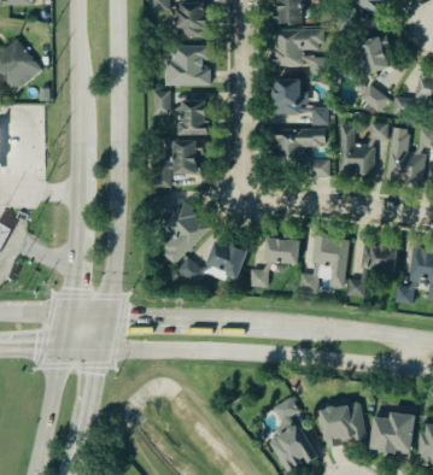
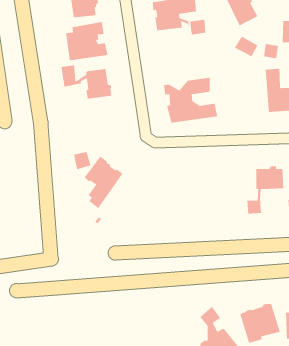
building: [271,78,333,124] -> none
building: [338,122,388,175] -> none
building: [152,140,204,188] -> none
building: [299,233,349,292] -> none
building: [250,236,300,286] -> none
building: [176,240,247,283] -> none

